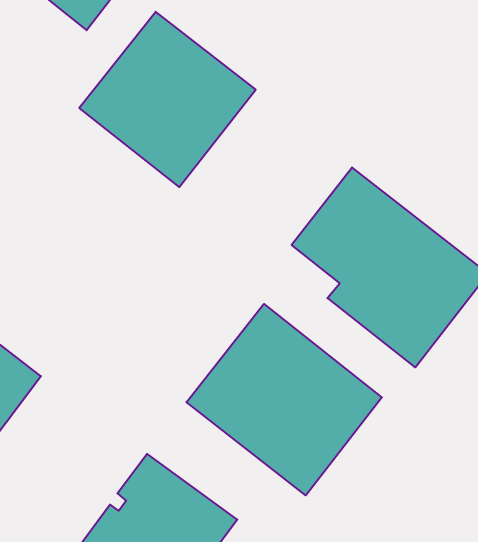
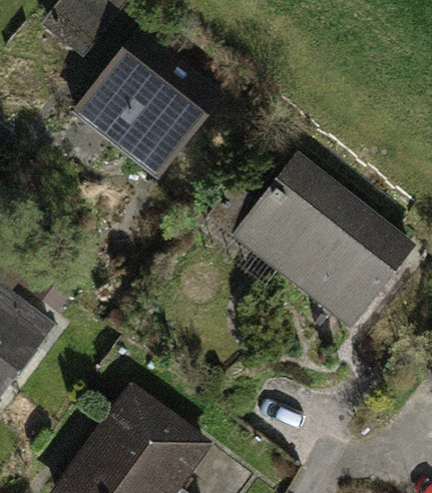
building: [186,304,382,495] -> none

